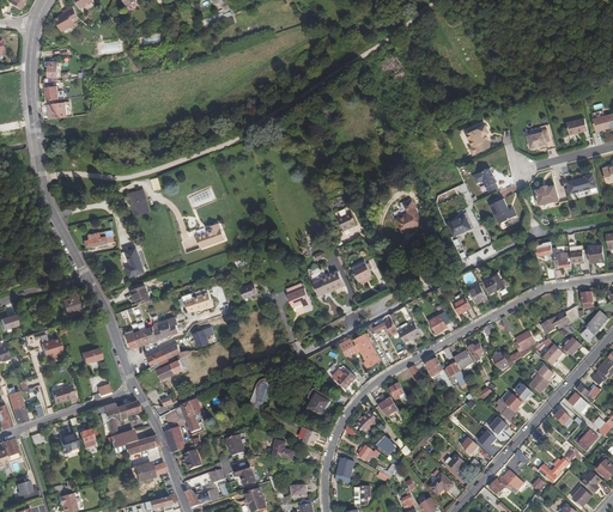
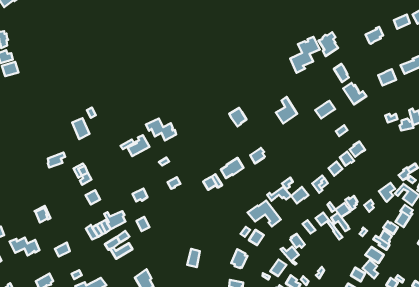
building: none -> [290,37,320,73]
building: none -> [146,118,176,140]

